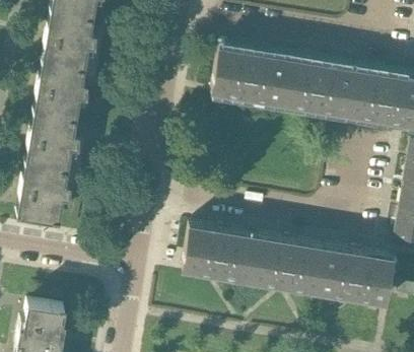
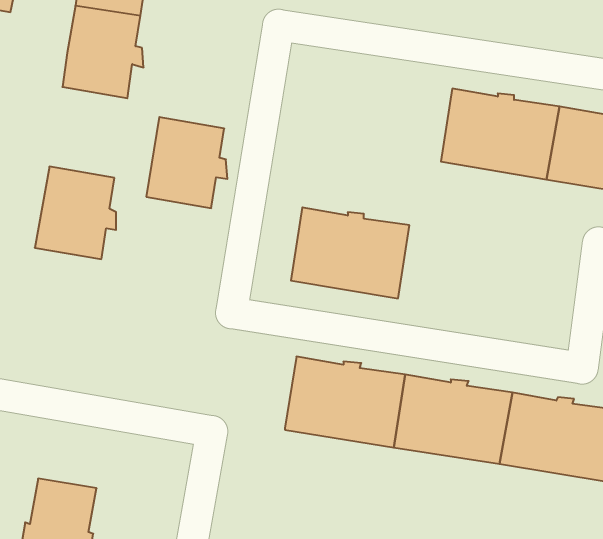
building: [214,47,288,103] -> [291,207,409,298]
building: [37,57,87,114] -> [146,117,227,208]
building: [18,157,70,221] -> none

